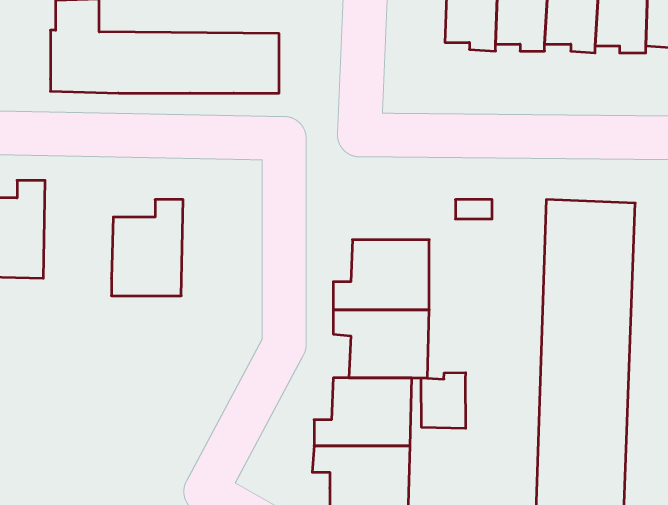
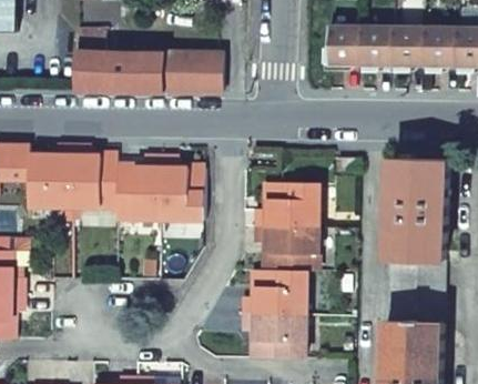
building: none -> [71,146,115,209]
building: none -> [159,159,203,221]
building: [421,373,466,428] -> none

